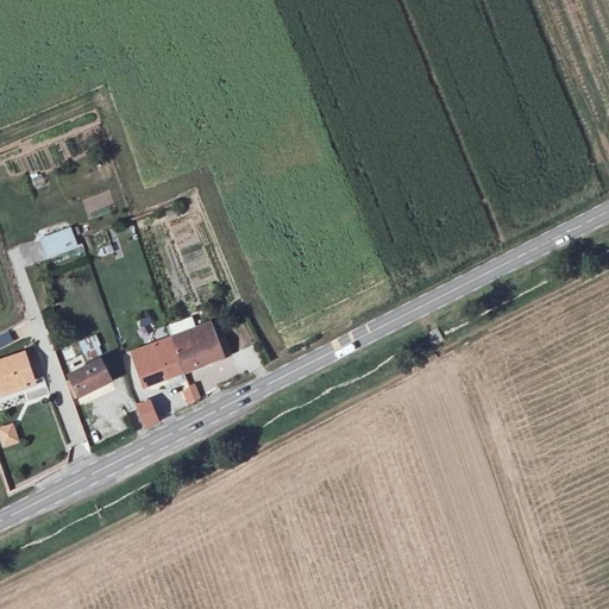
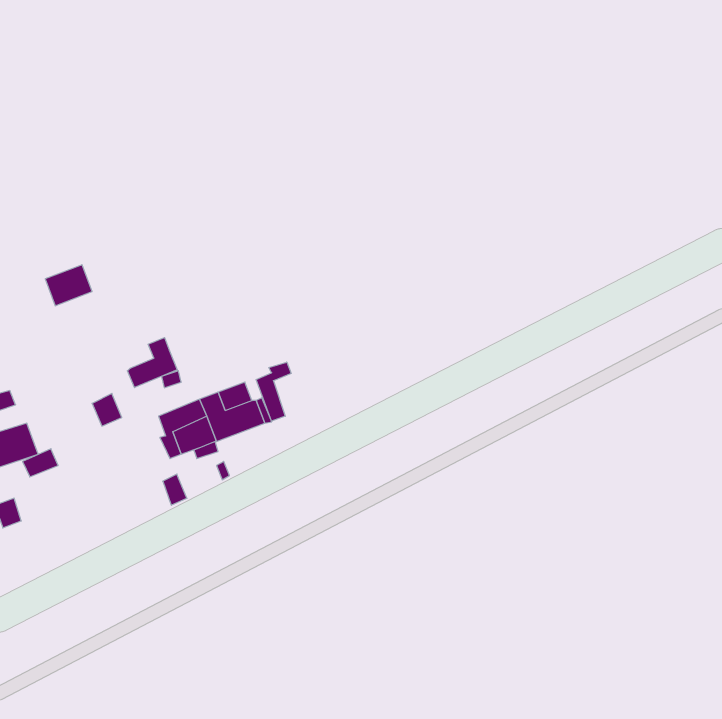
building: none -> [127,338,177,388]
building: none -> [256,362,291,421]
building: [63,358,112,401] -> none

